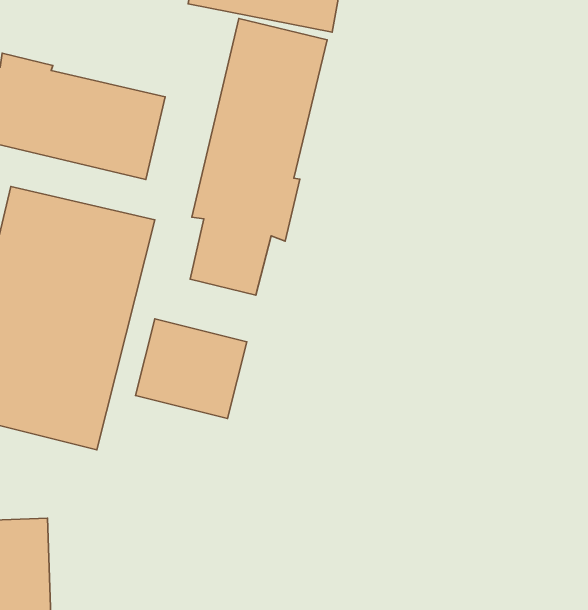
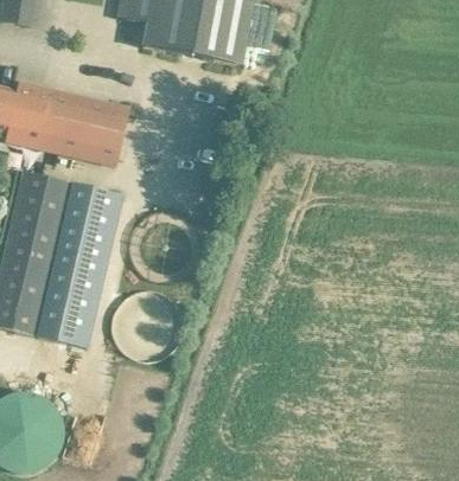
building: [190,19,327,295] -> none
building: [136,319,247,418] -> none

